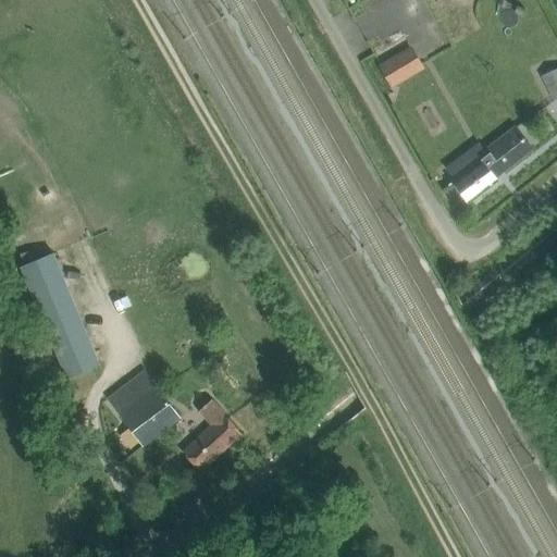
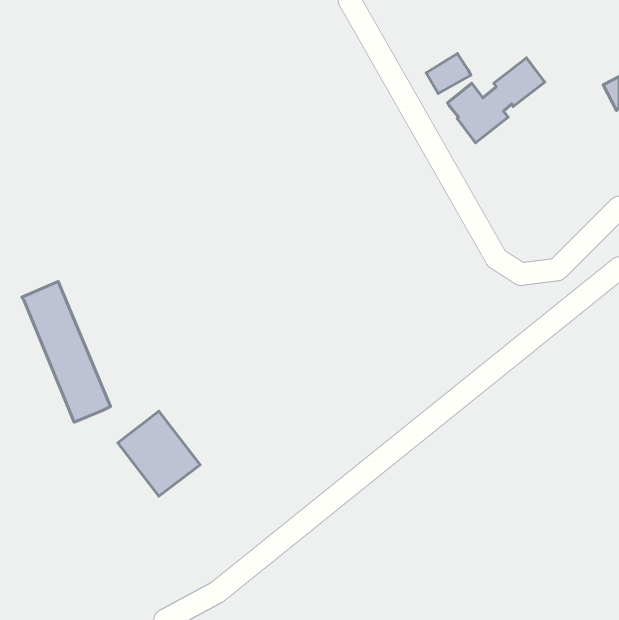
building: [444,127,531,203] -> [448,58,545,143]
building: [182,399,242,471] -> none

